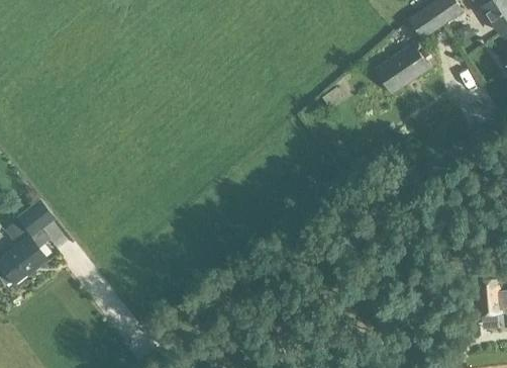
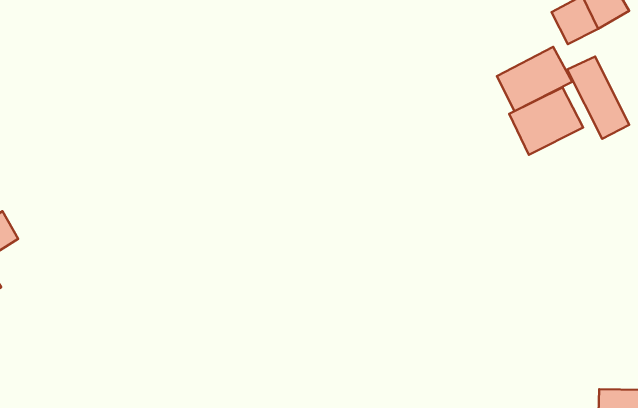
building: none -> [567,56,629,139]
building: none -> [509,88,583,155]

